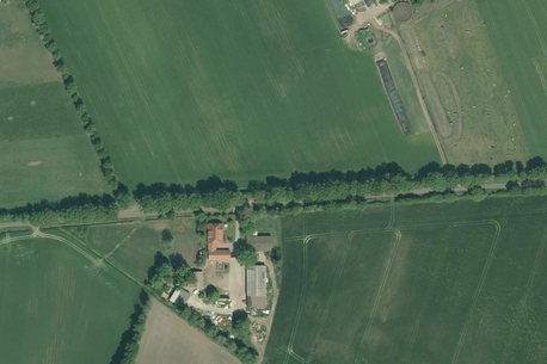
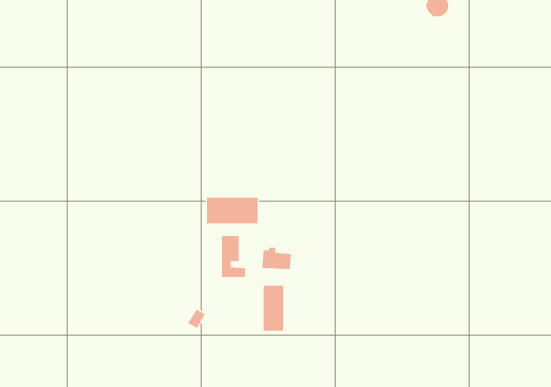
building: none -> [206,197,258,224]

